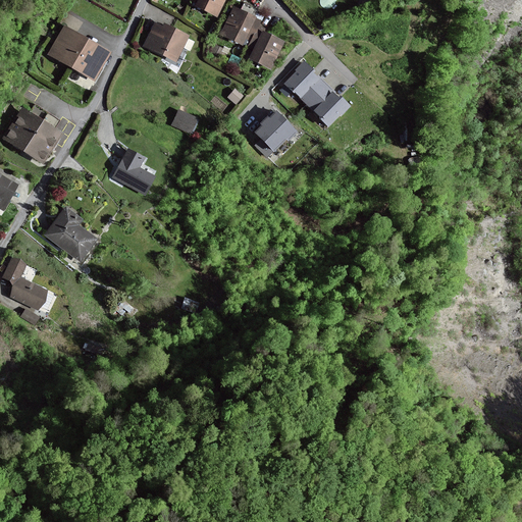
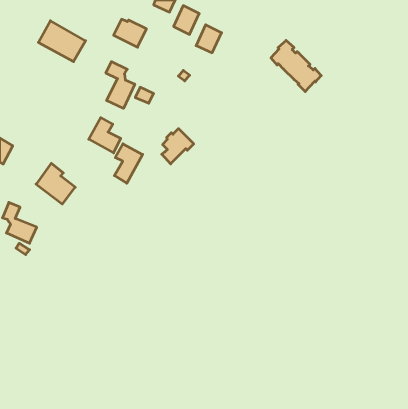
building: [284,61,349,126] -> [271,40,321,92]
building: none -> [106,62,135,108]
building: [4,109,60,161] -> none
building: [255,112,296,157] -> [162,129,194,164]
building: none -> [114,144,143,183]

